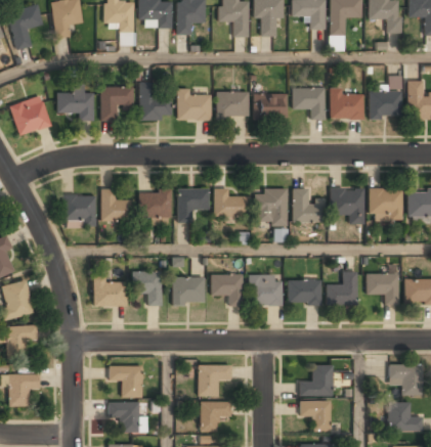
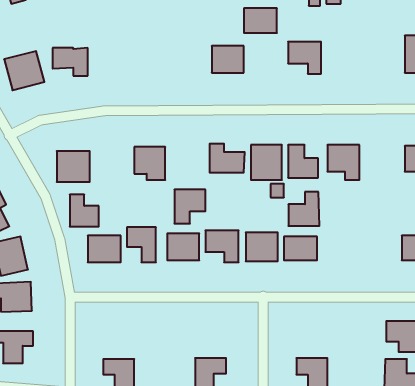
building: [369,76,400,118] -> none
building: [139,83,170,120] -> none
building: [100,87,133,121] -> none
building: [331,88,362,118] -> none
building: [177,89,210,120] -> none
building: [254,94,287,119] -> [244,8,277,33]
building: [100,189,129,221] -> [70,195,99,227]
building: [177,189,208,223] -> [174,190,205,224]
building: [370,189,401,221] -> none
building: [327,272,357,306] -> [288,192,319,226]
building: [367,274,397,305] -> none
building: [198,364,230,396] -> none
building: [299,365,332,396] -> none
building: [109,366,141,397] -> none

